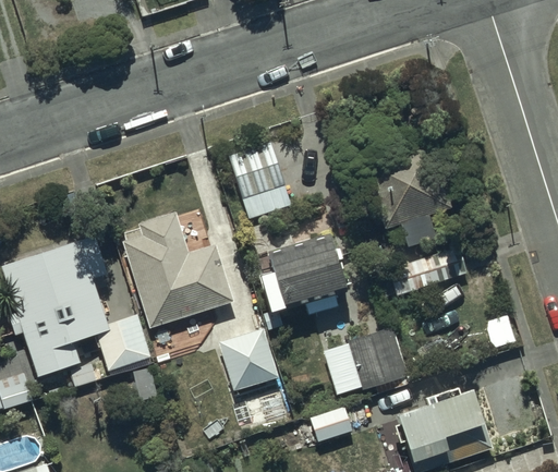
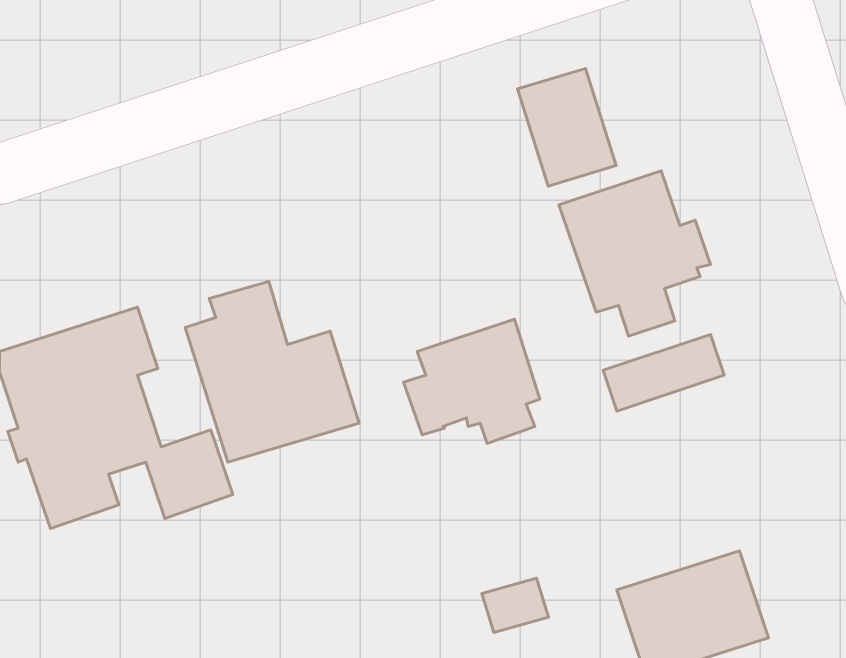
building: [229,146,292,221] -> [517,69,616,186]
building: [325,328,407,397] -> none
building: [219,331,279,392] -> none

